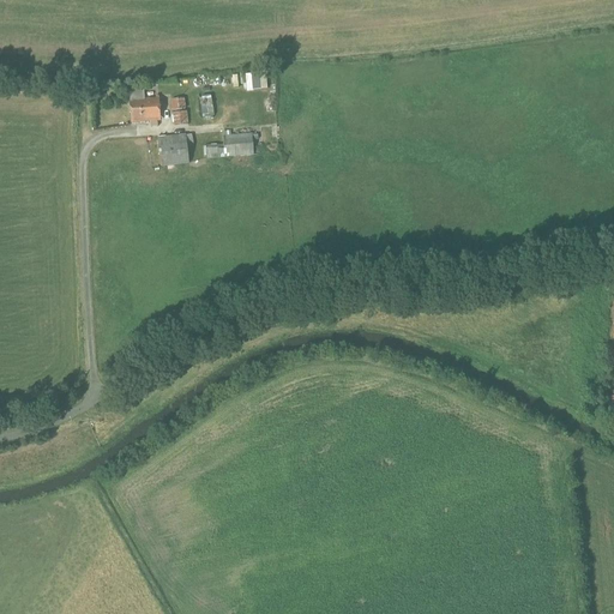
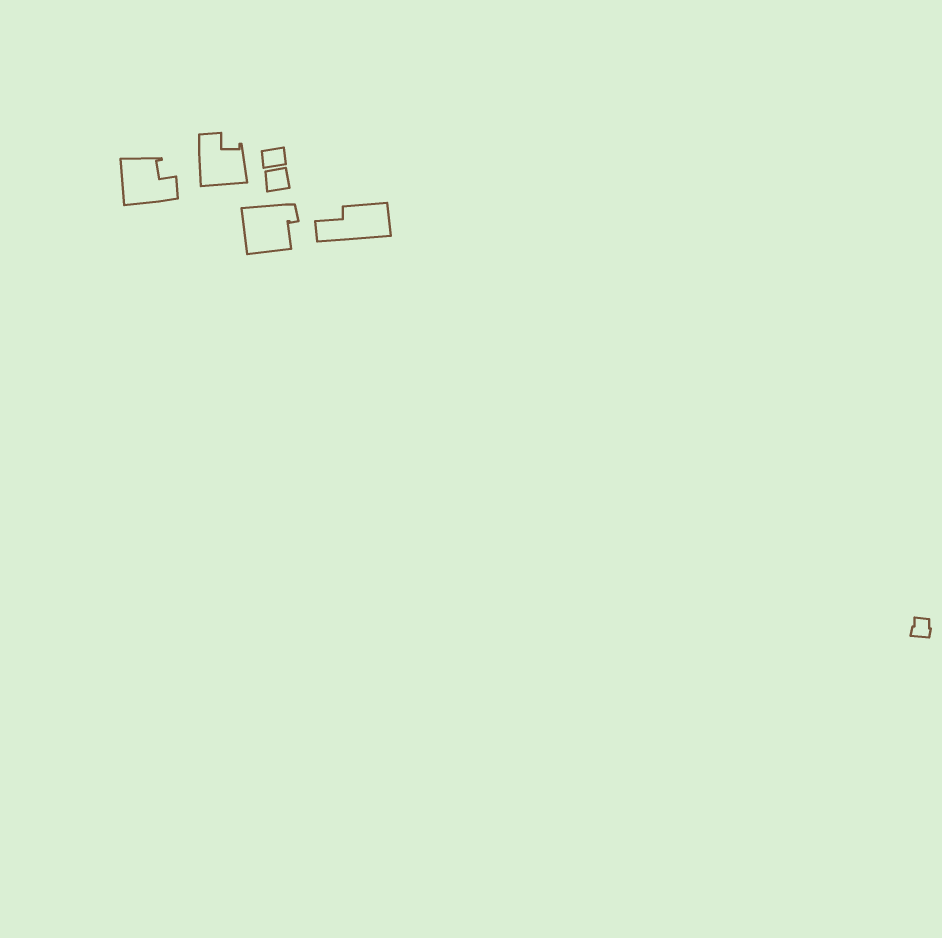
building: none -> [120,158,178,205]

